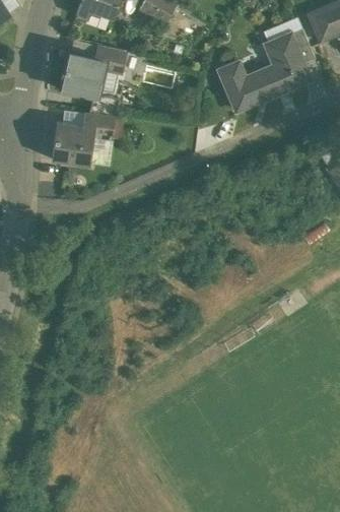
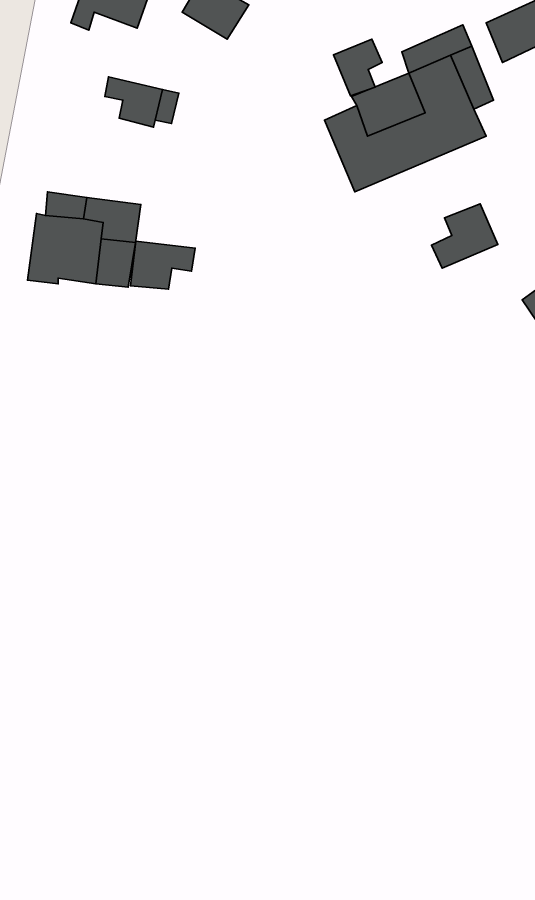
building: none -> [333,39,382,96]
building: [60,51,105,94] -> none
building: none -> [432,204,498,268]
building: none -> [131,241,195,289]

